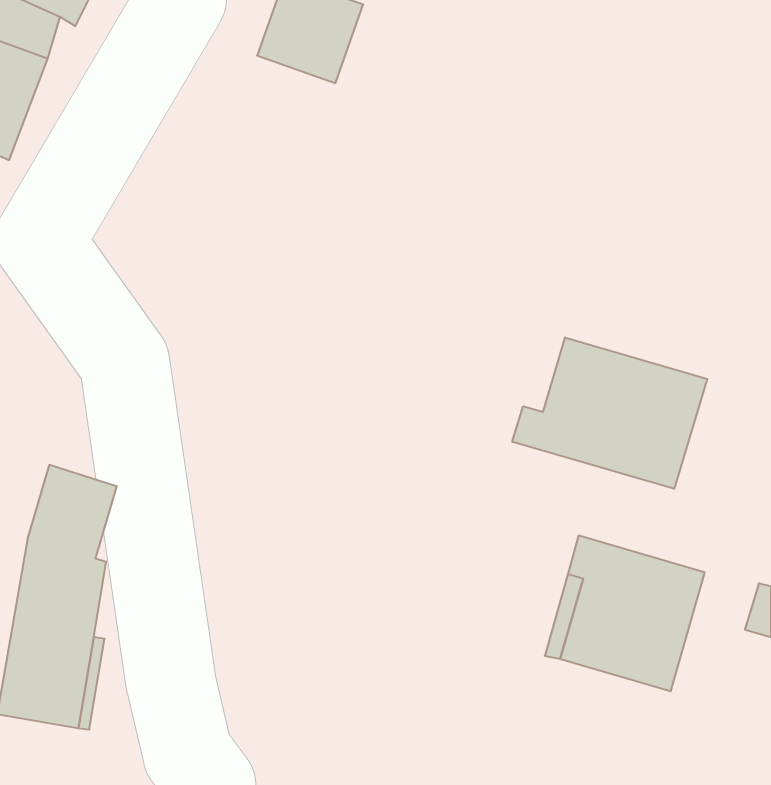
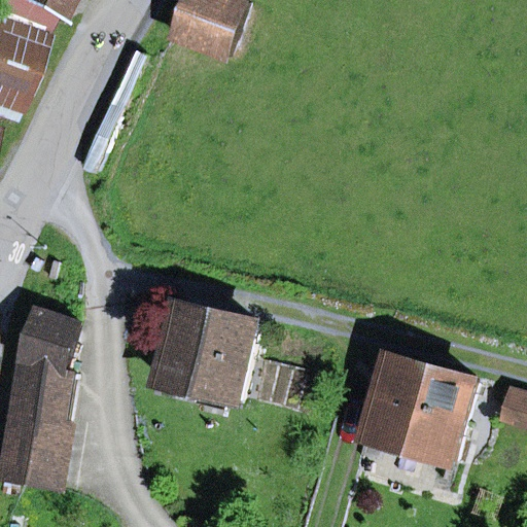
building: [512,337,707,489] -> none
building: none -> [161,308,253,399]

